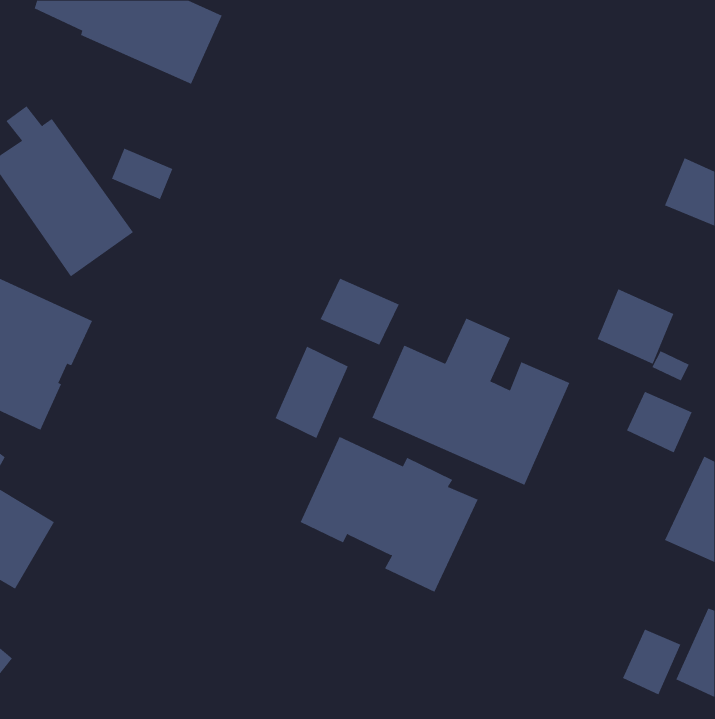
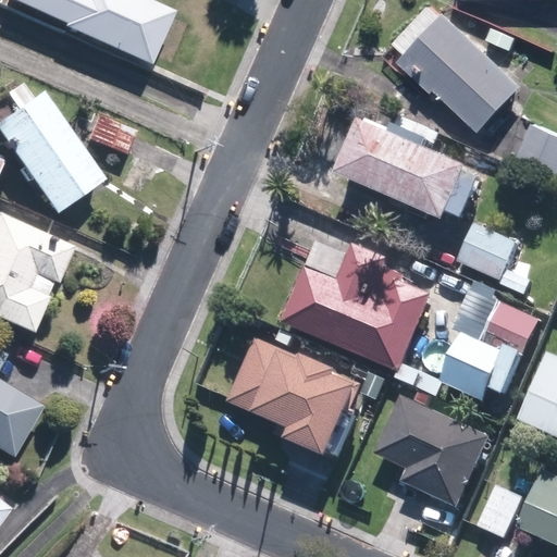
building: none -> [391,11,516,131]
building: none -> [331,115,475,219]
building: [320,278,400,346] -> none
building: [275,346,349,439] -> none
building: none -> [436,329,503,398]
building: none -> [382,398,494,508]

